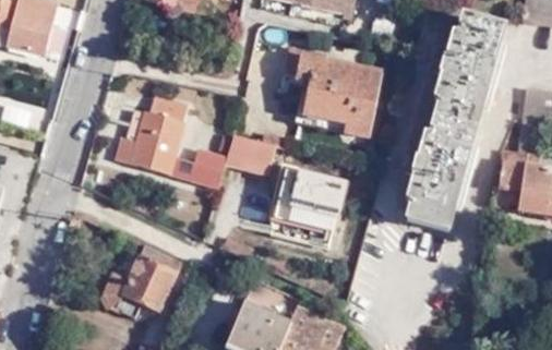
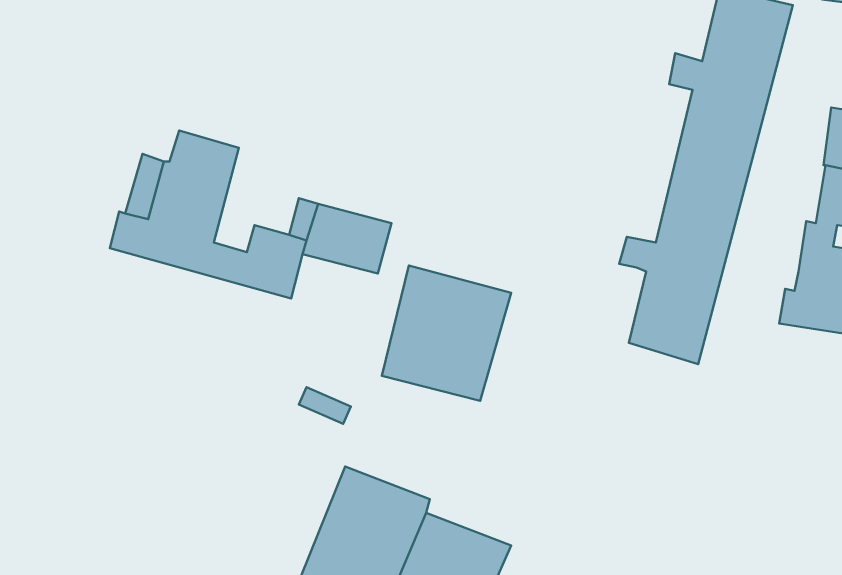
building: [281,41,383,136] -> none
building: [105,248,181,321] -> none

